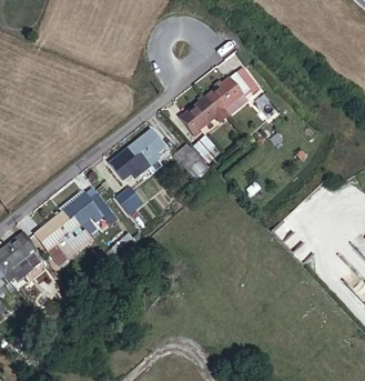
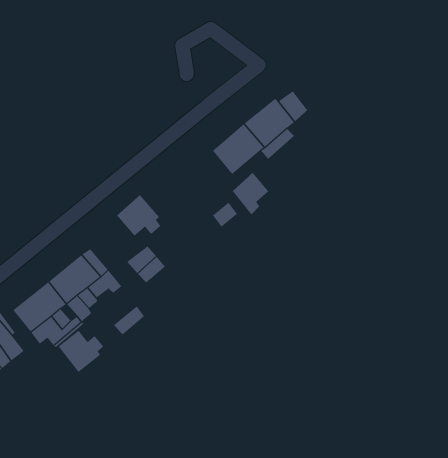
building: [126,129,168,166] -> none
building: none -> [58,330,104,373]

